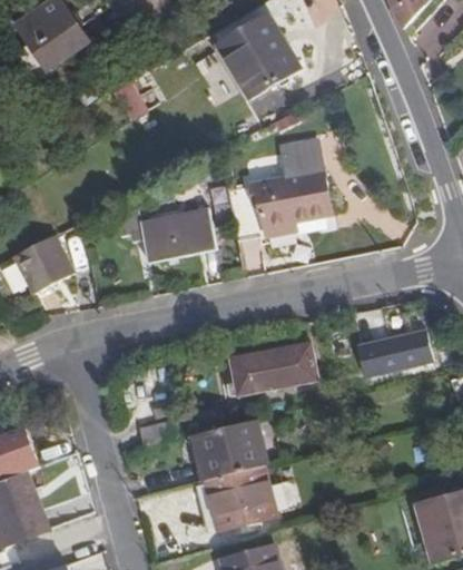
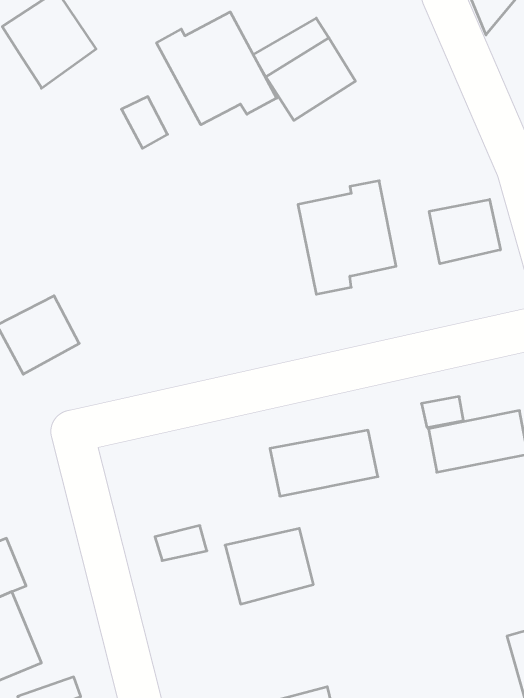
building: none -> [157,12,277,125]
building: none -> [429,199,500,264]
building: [117,208,215,262] -> none
building: [198,465,278,532] -> none

